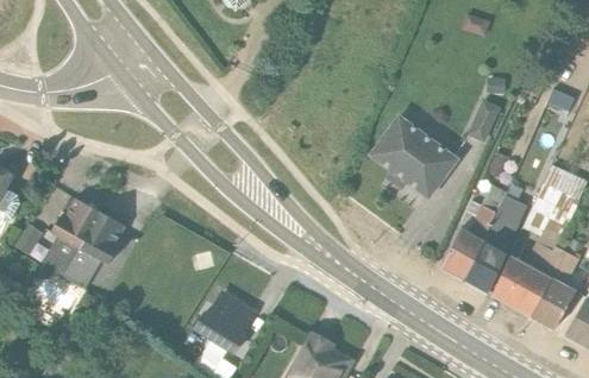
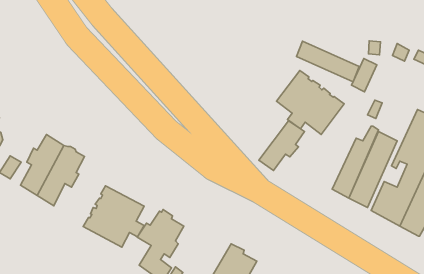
building: none -> [296,41,359,82]
building: none -> [259,121,305,170]
building: none -> [83,186,144,247]

